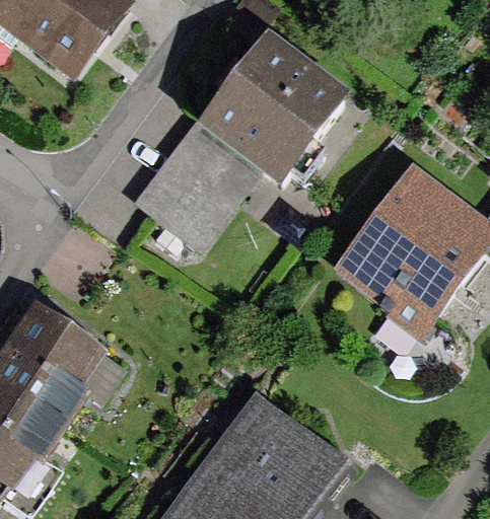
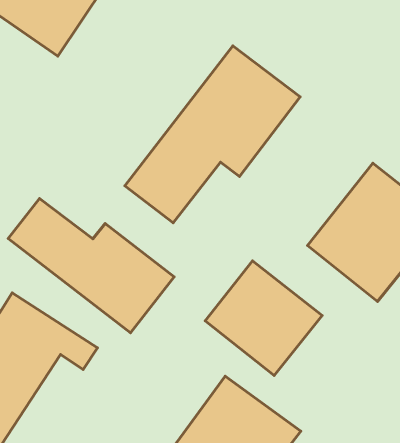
building: none -> [8,198,174,333]
building: none -> [205,261,322,376]

